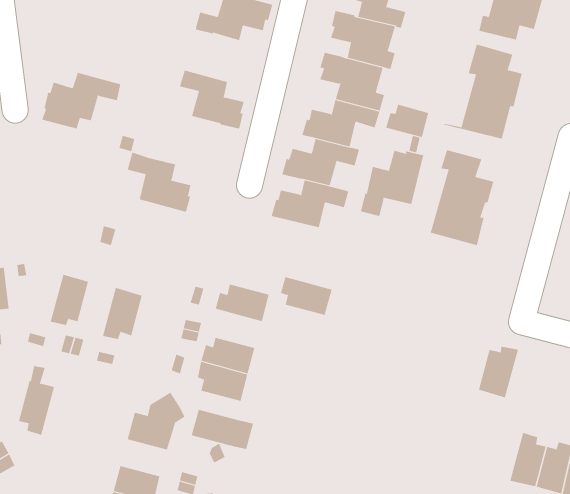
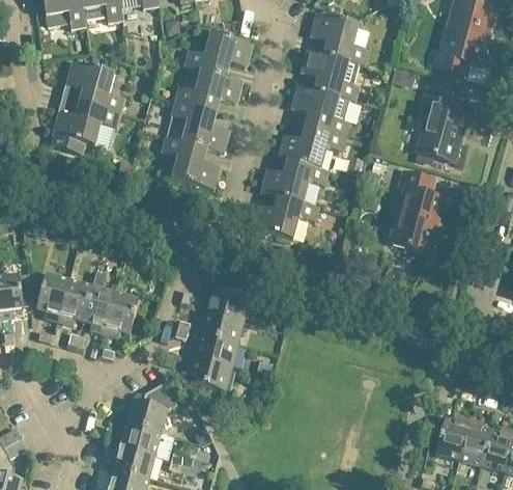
building: none -> [67,61,123,113]
building: none -> [174,69,241,111]
building: [385,104,429,138] -> none
building: [360,150,424,217] -> none
building: [127,152,191,212] -> [161,136,217,189]
building: none -> [35,272,68,321]
building: [280,276,332,316] -> [197,309,243,344]
building: [478,346,519,398] -> [434,414,469,460]
building: [18,365,55,435] -> [82,272,114,333]
building: [191,409,254,450] -> [118,424,173,459]

